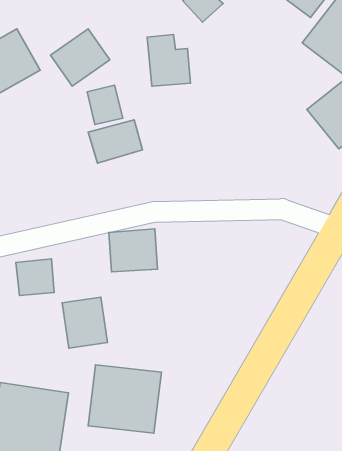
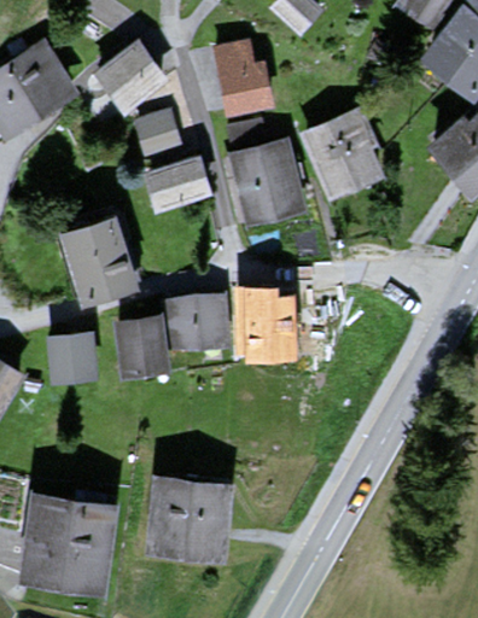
building: none -> [298,104,381,199]
building: none -> [229,139,308,227]
building: none -> [54,214,140,304]
building: none -> [237,291,296,362]
building: [62,297,107,348] -> [110,315,168,380]

